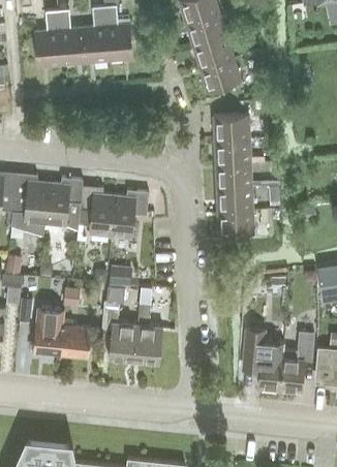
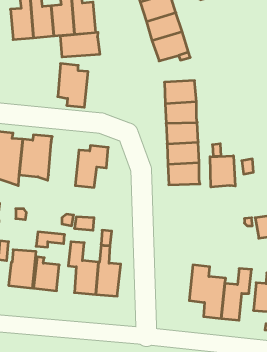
building: none -> [60,32,100,57]
building: [79,186,114,237] -> [58,64,88,107]
building: none -> [210,156,235,187]

